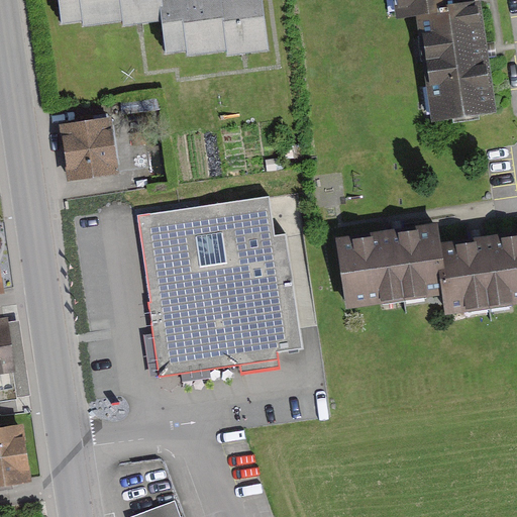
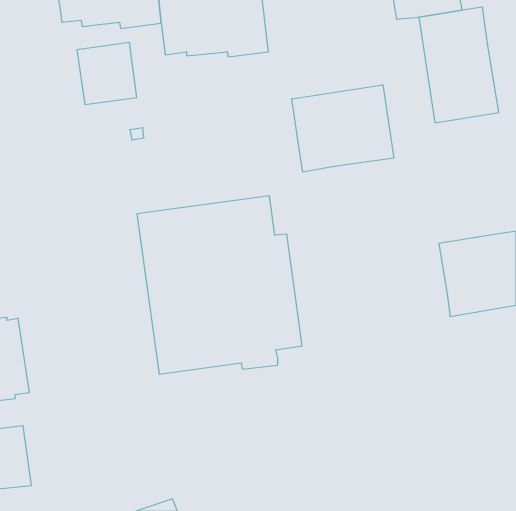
building: none -> [292,85,394,172]
building: [58,117,117,179] -> [77,43,137,104]
building: [333,221,445,307] -> none

